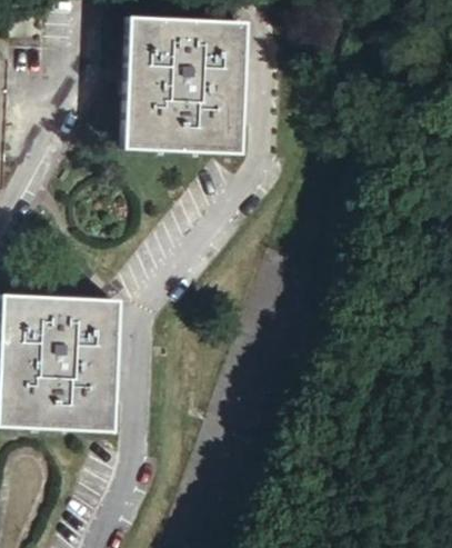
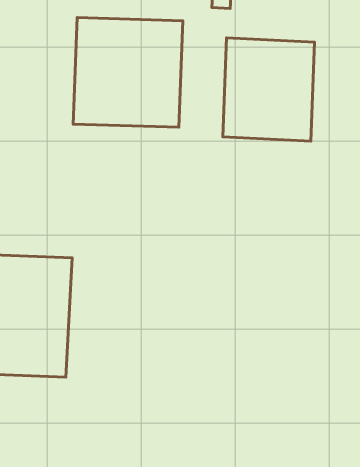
building: none -> [223,38,315,141]

